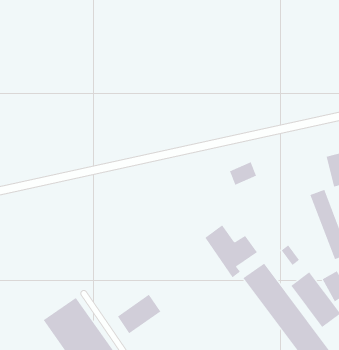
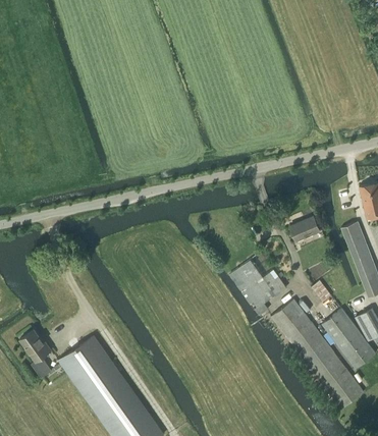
building: [229,162,257,186] -> [290,216,320,241]
building: none -> [20,330,52,378]
building: [117,294,161,334] -> none

